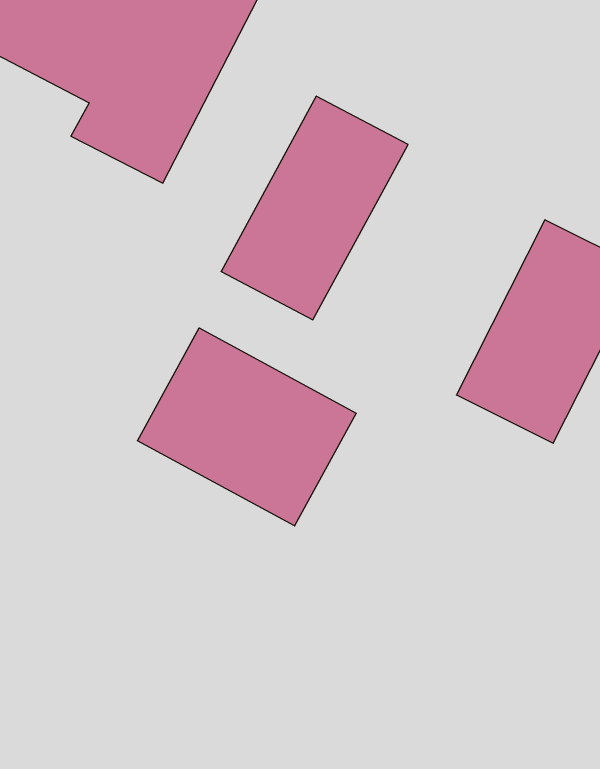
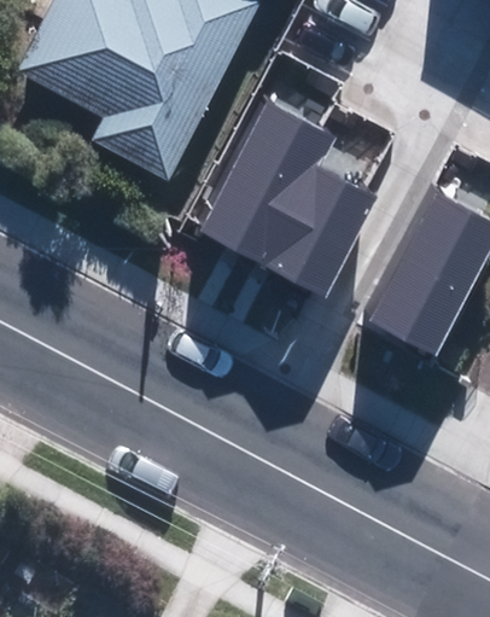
building: none -> [266,165,380,298]
building: [137,328,356,526] -> none

